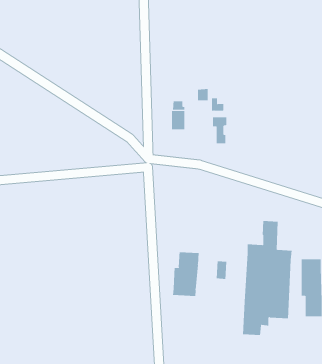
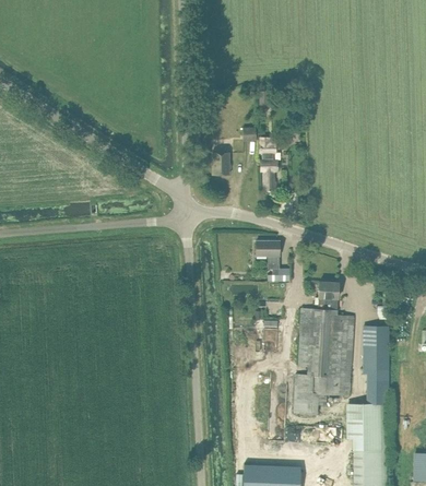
building: none -> [256,240,288,281]
building: [173,252,199,297] -> none

